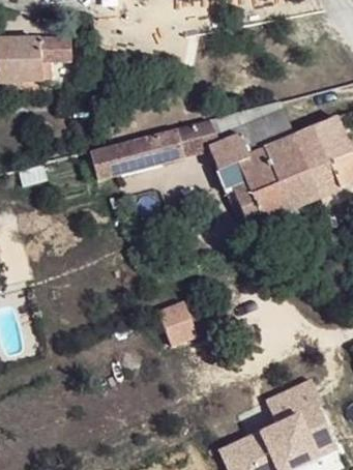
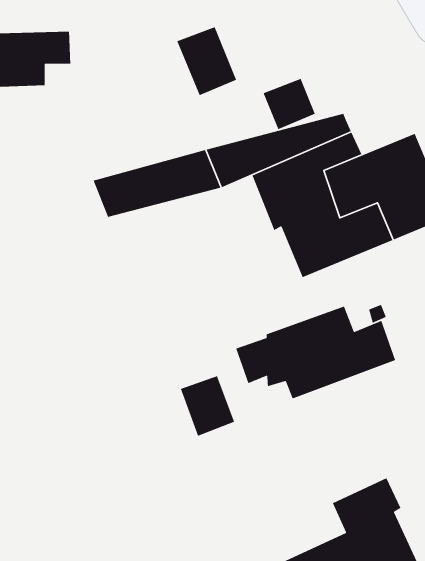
building: none -> [176,26,237,96]
building: none -> [262,78,316,130]
building: none -> [235,305,396,399]

